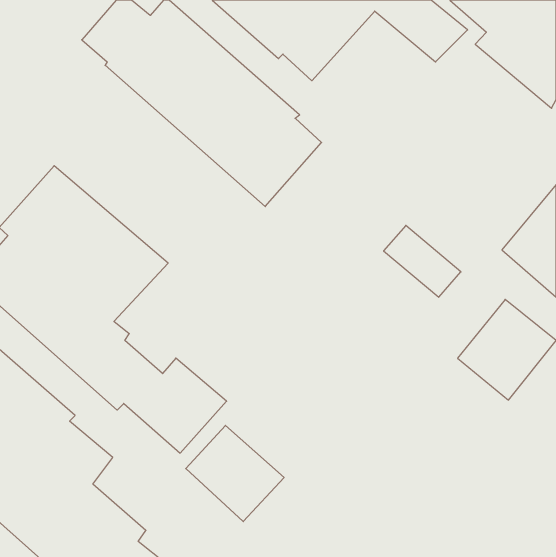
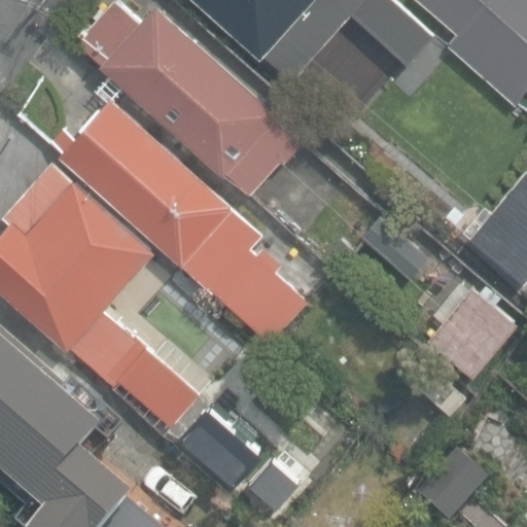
building: none -> [48,98,307,343]

